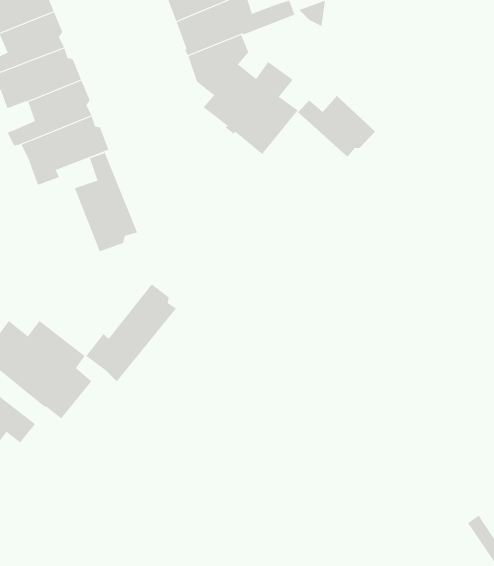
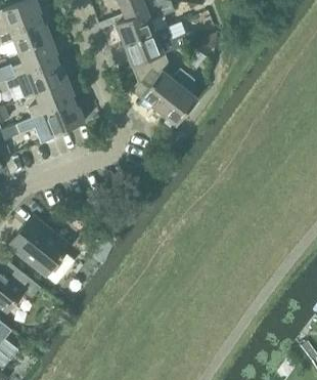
building: [297,95,376,157] -> none
building: [74,151,138,252] -> none
building: [85,283,177,382] -> none

